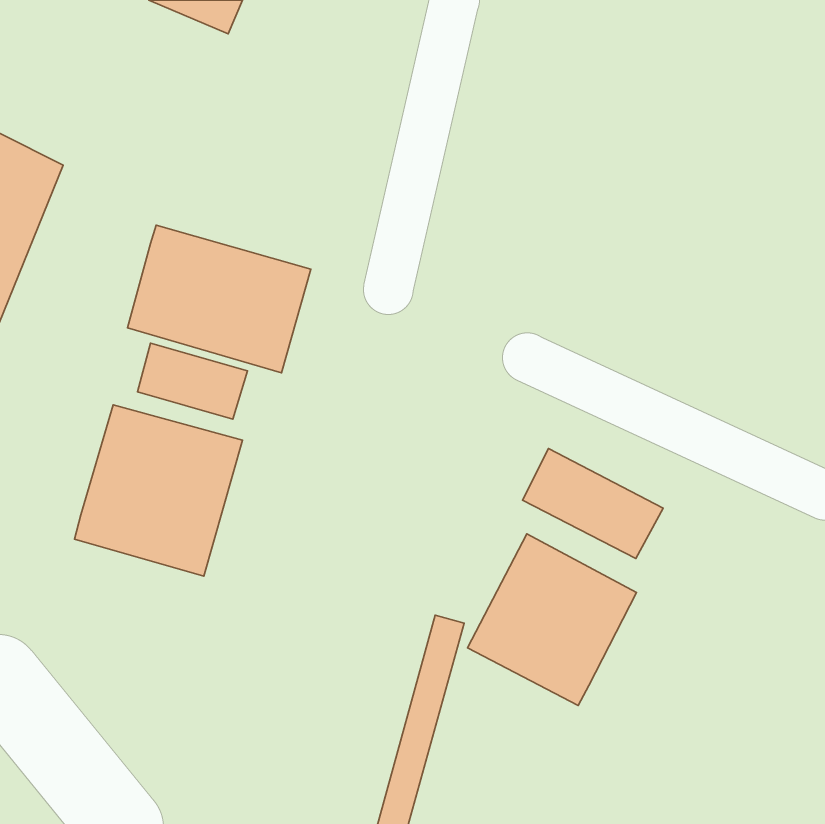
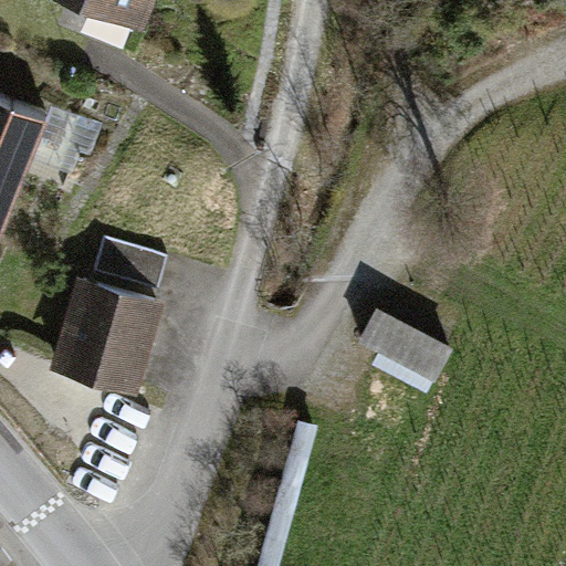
building: [127,225,311,373] -> none
building: [467,534,636,705] -> none

